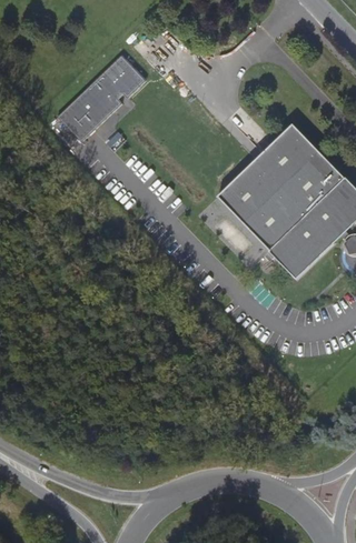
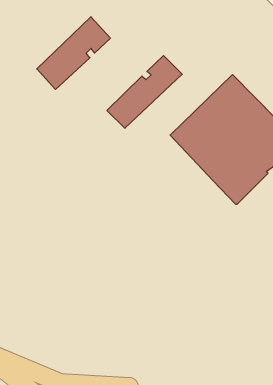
building: none -> [107,56,182,128]

